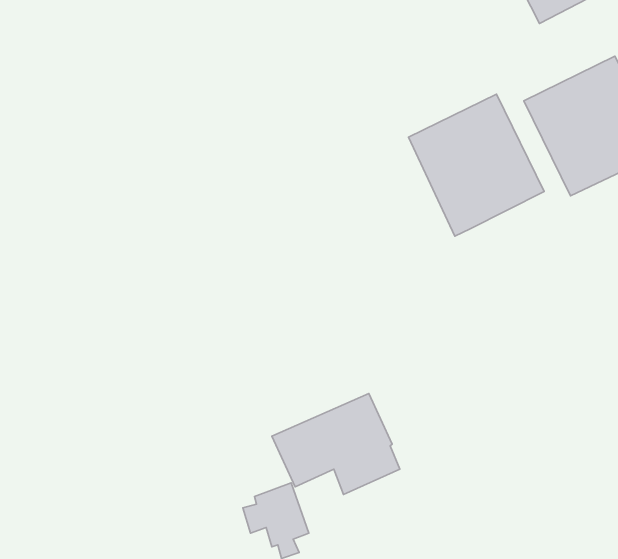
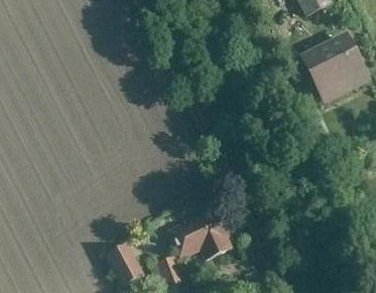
building: [408,94,544,236] -> none
building: none -> [105,243,144,285]

